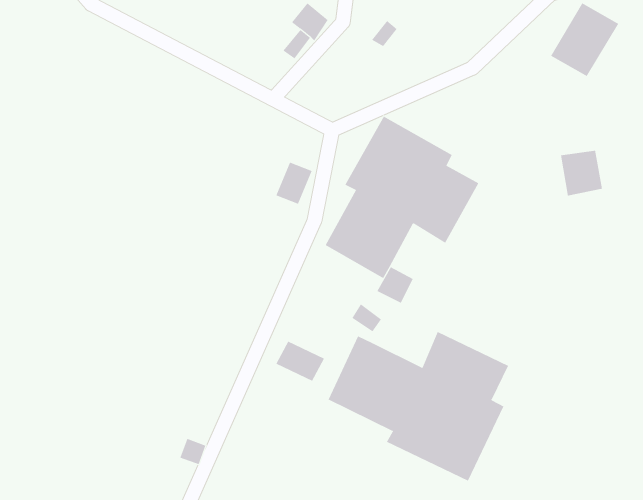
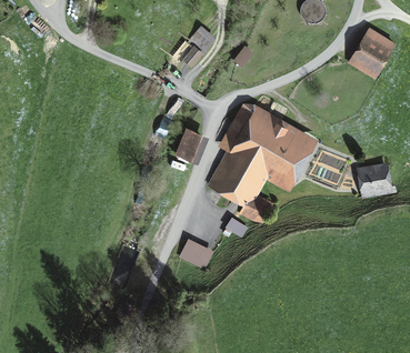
building: [560,150,603,196] -> [360,169,387,198]
building: [328,331,509,481] -> none

